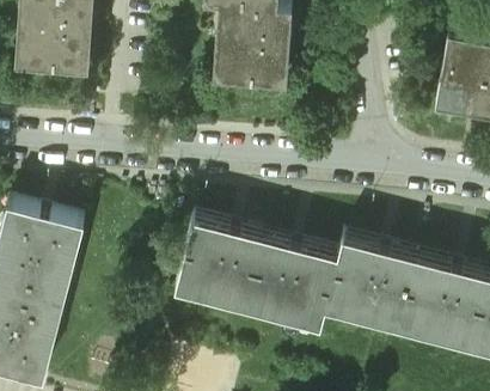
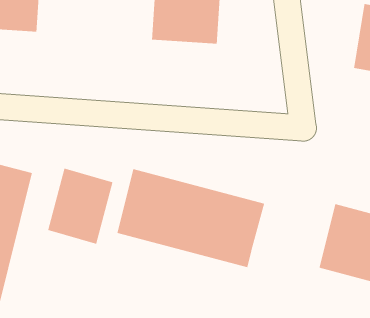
building: none -> [47,168,113,245]
building: [325,242,416,331] -> none

